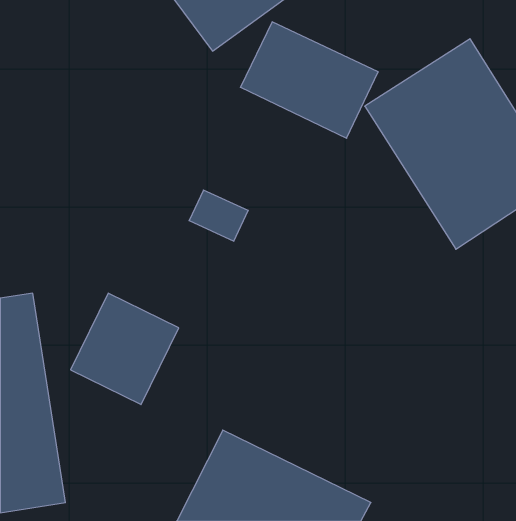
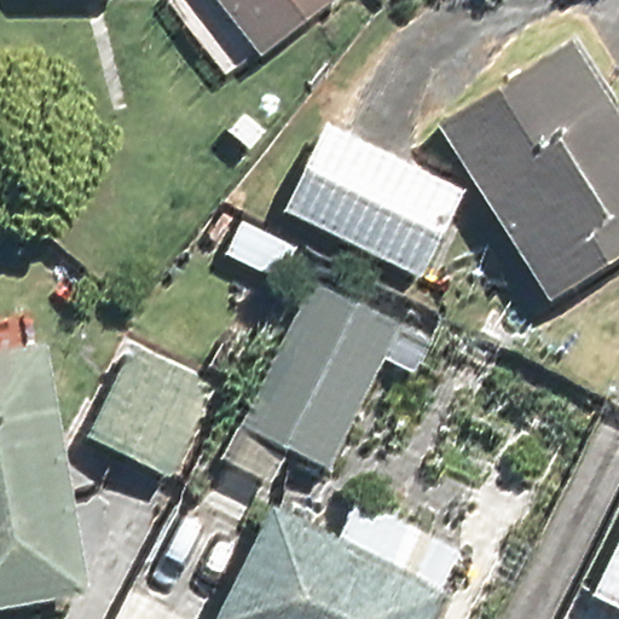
building: [240,22,378,138] -> [289,129,452,267]
building: none -> [237,283,403,472]

